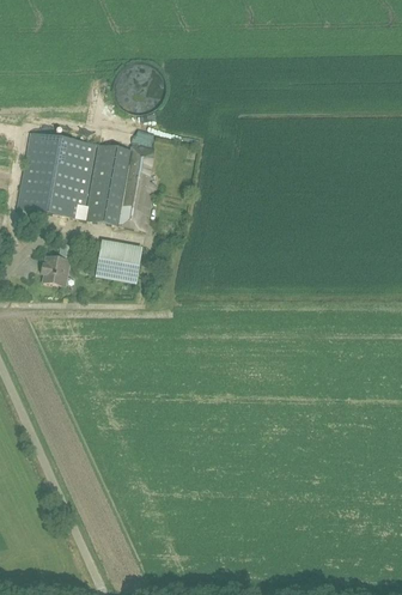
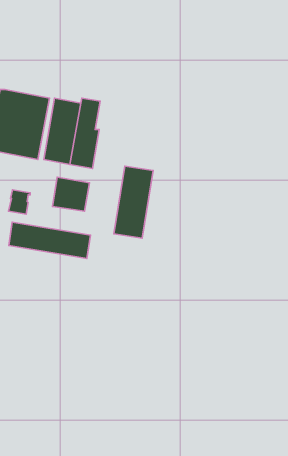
building: none -> [114,166,153,238]
building: none -> [9,222,91,258]

